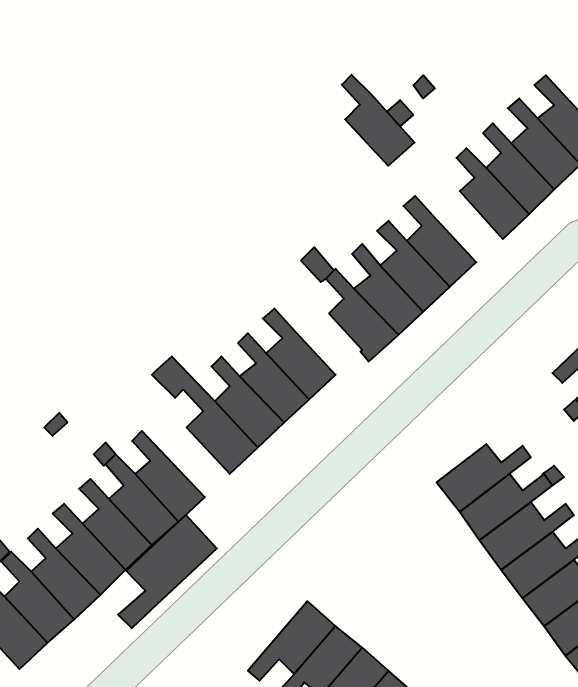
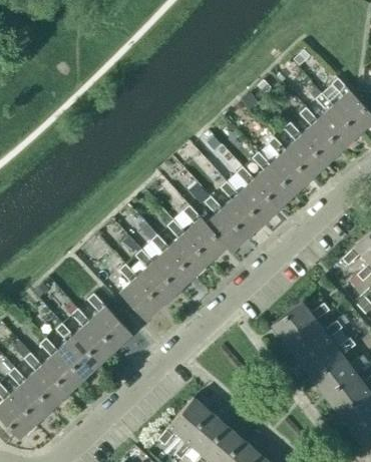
building: [342,75,415,166] -> [269,137,313,192]
building: none -> [183,205,228,261]
building: [118,515,217,628] -> none

